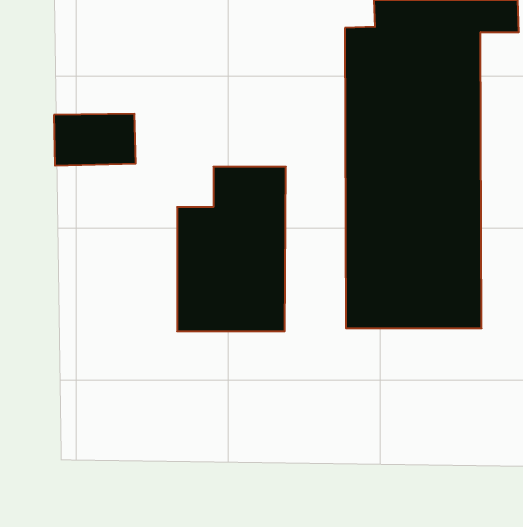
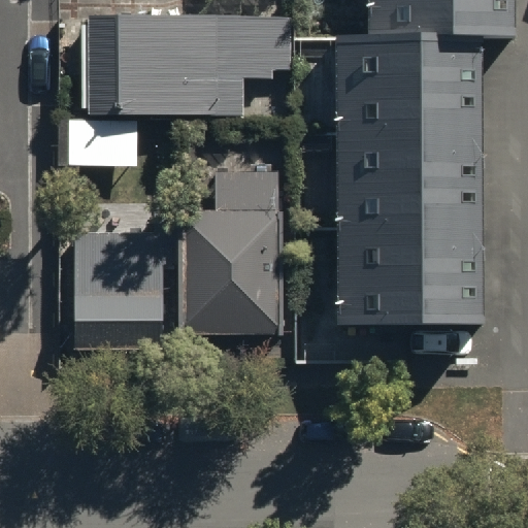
building: none -> [81,12,293,106]
building: none -> [68,231,158,348]

